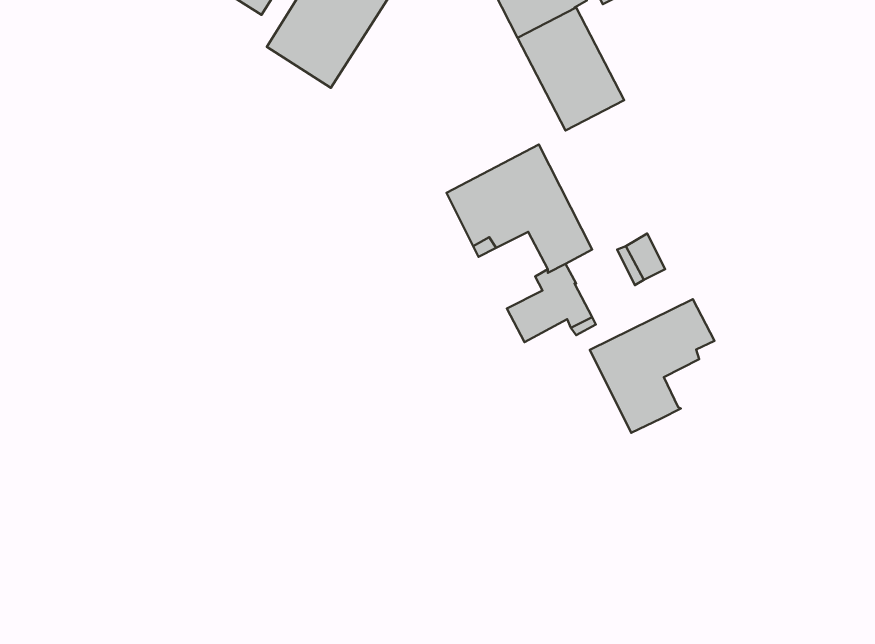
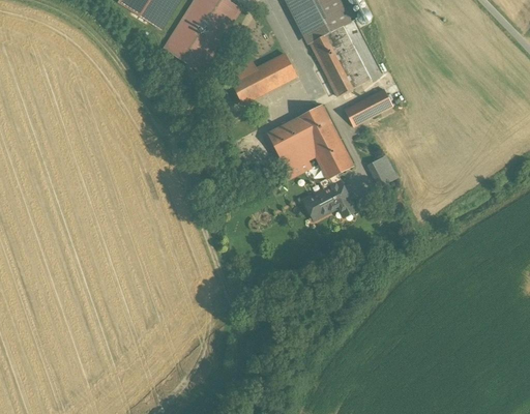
building: none -> [227,53,296,103]
building: none -> [345,89,393,125]
building: [590,299,714,433] -> none

